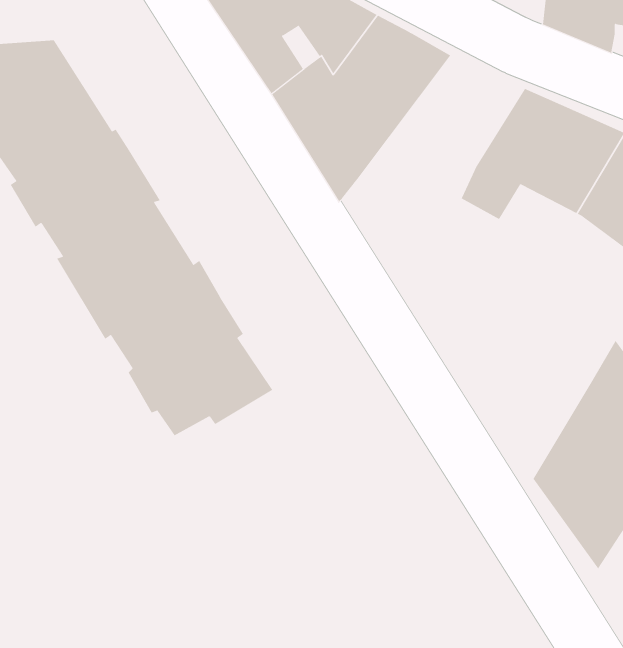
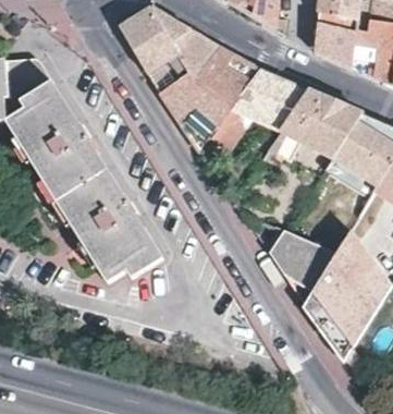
building: none -> [209,68,303,148]
building: none -> [270,229,340,306]

